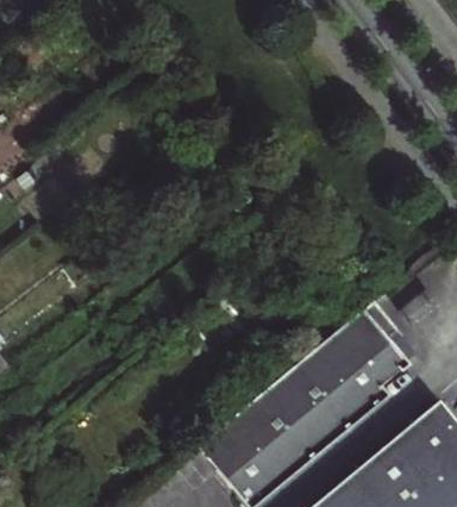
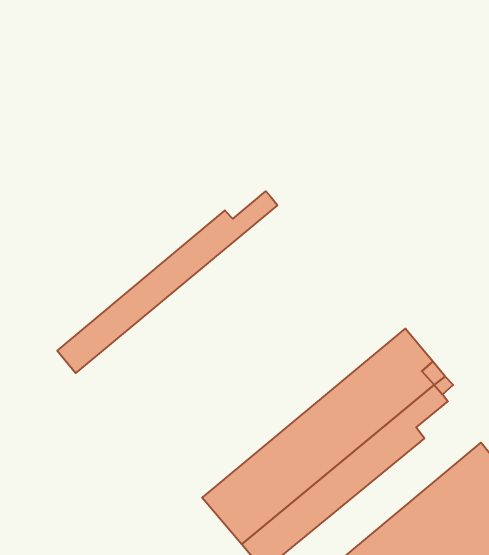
building: none -> [57,191,277,373]

